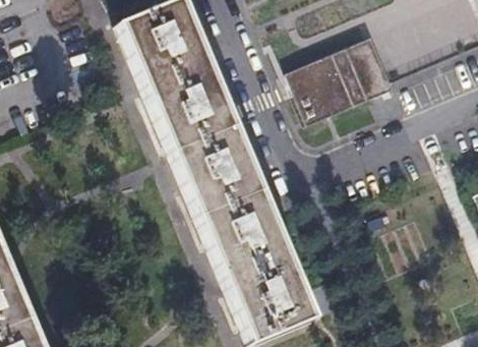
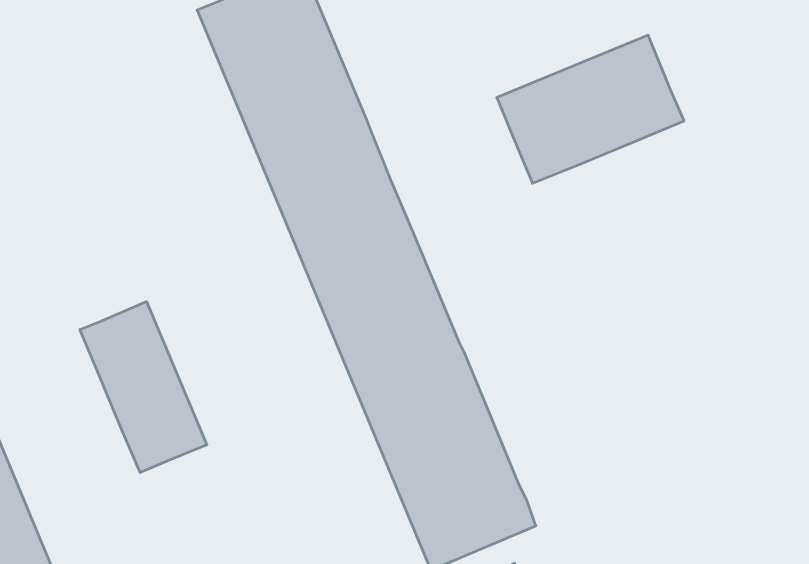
building: none -> [80,302,207,473]

